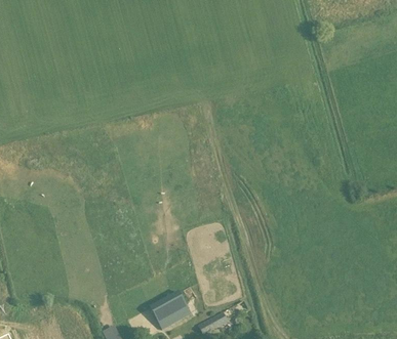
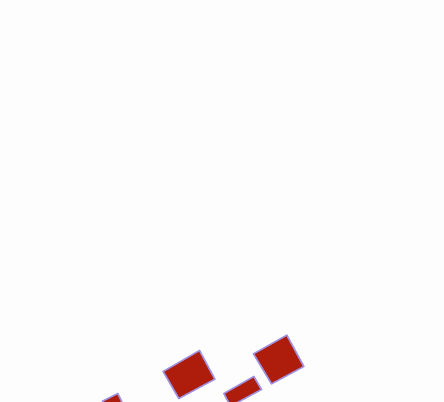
building: none -> [254,335,304,384]

